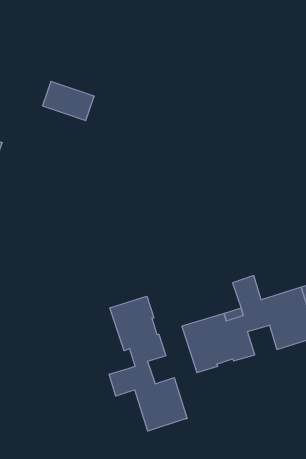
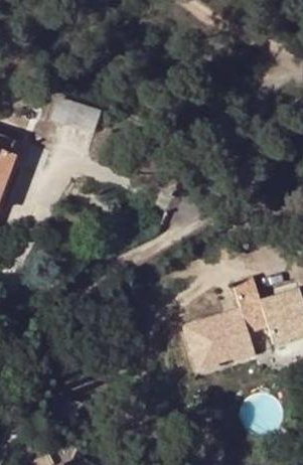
building: [109,296,187,431] -> none

